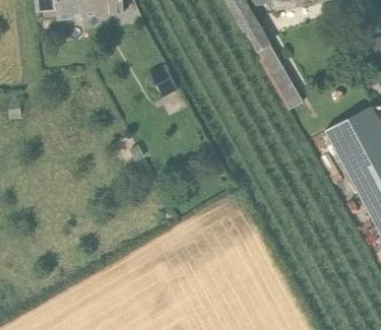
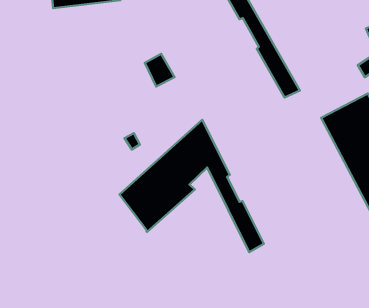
building: none -> [119,120,264,252]

